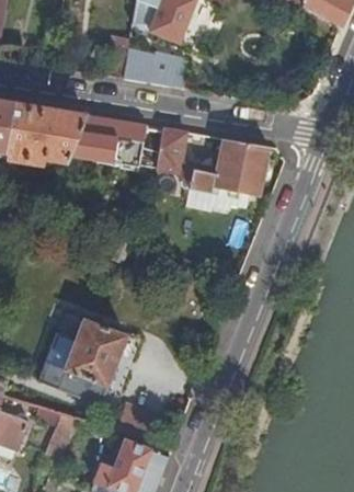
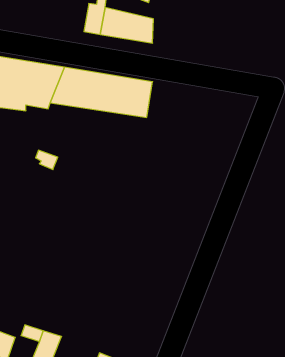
building: [184,138,267,193] -> none
building: [57,320,125,404] -> none

